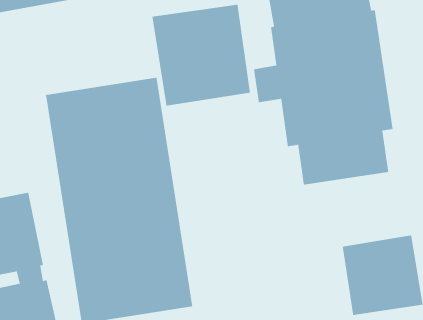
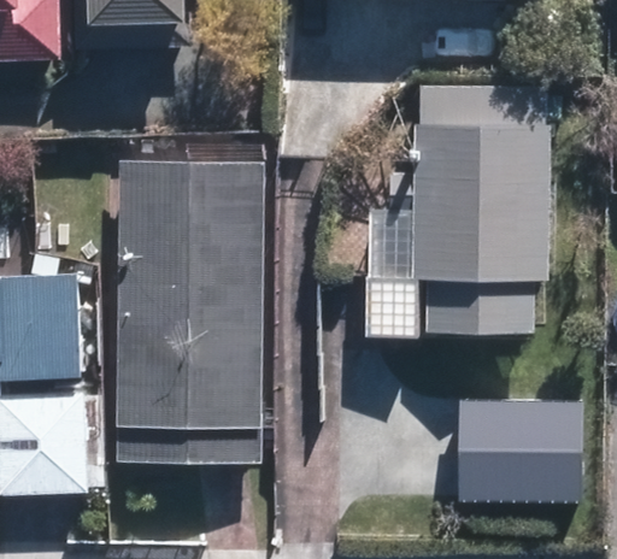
building: [152,4,251,106] -> none

